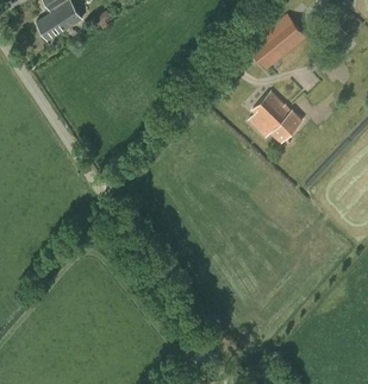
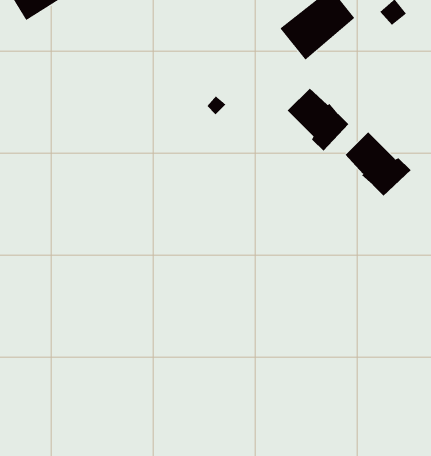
building: none -> [345,132,411,196]

